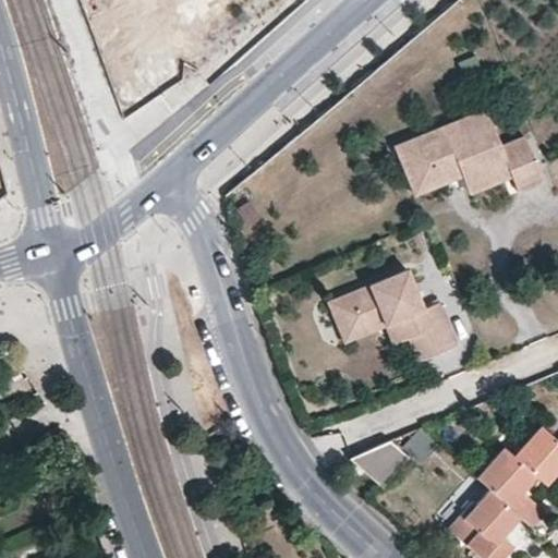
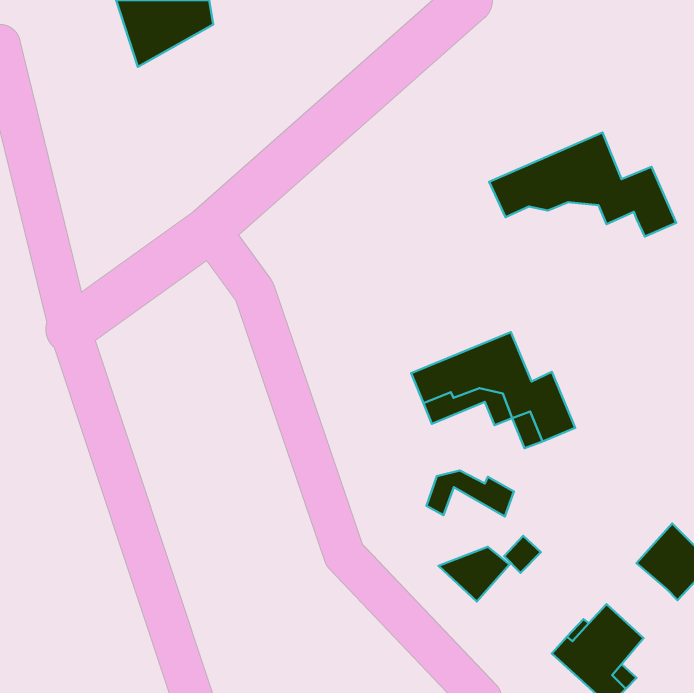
building: [407,166,511,197] -> none
building: none -> [426,470,514,516]
building: [473,444,542,524] -> none

